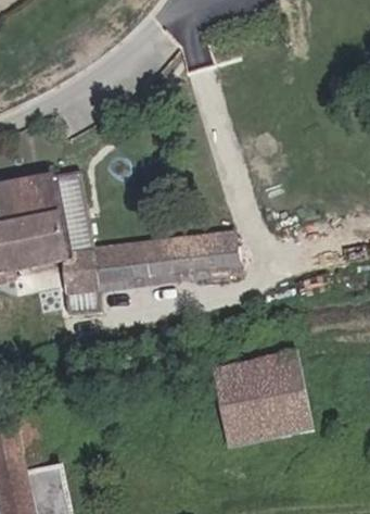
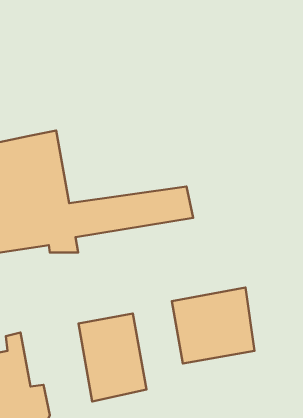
building: none -> [79,313,147,402]

